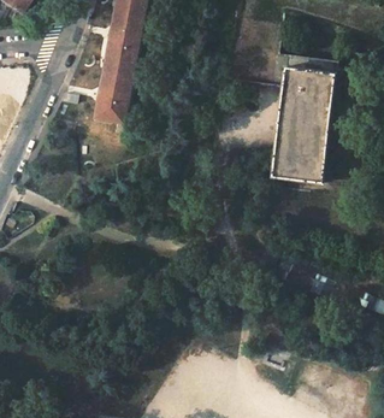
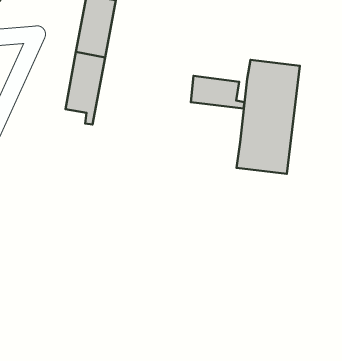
building: none -> [191,76,244,109]

